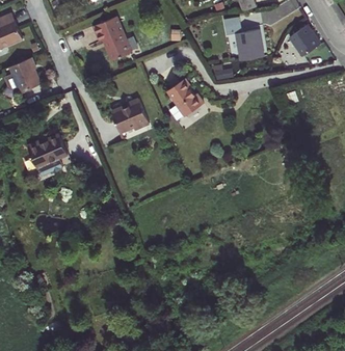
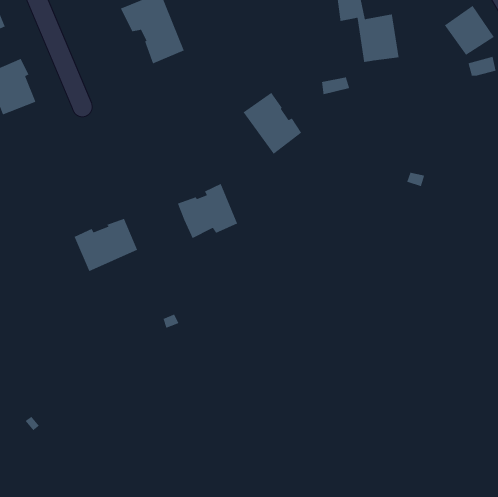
building: [111,99,149,133] -> [177,183,238,239]
building: [27,135,67,168] -> [73,218,138,272]

